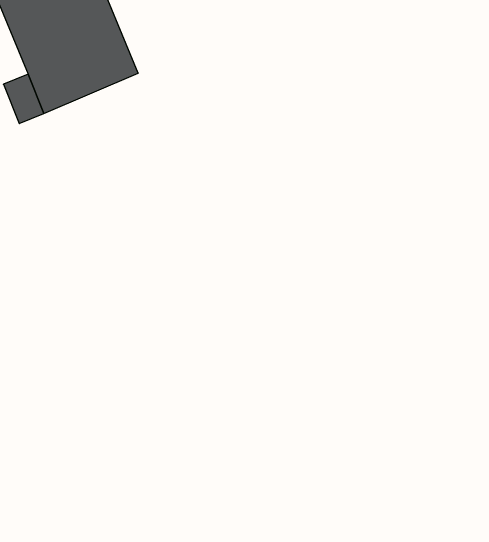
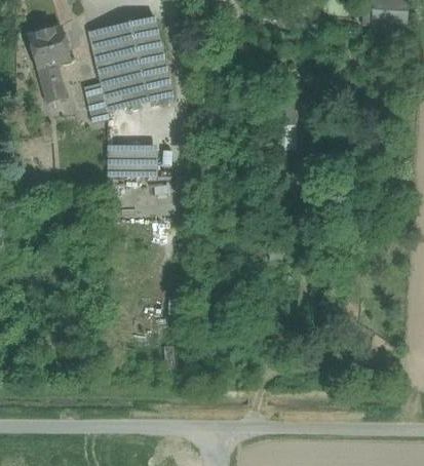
building: none -> [107,144,157,174]

